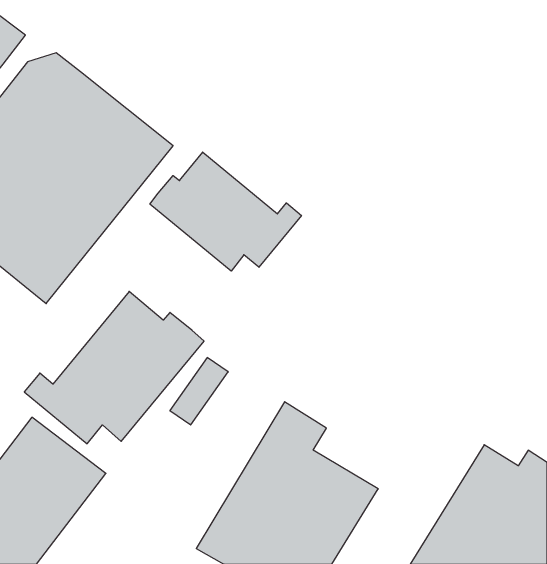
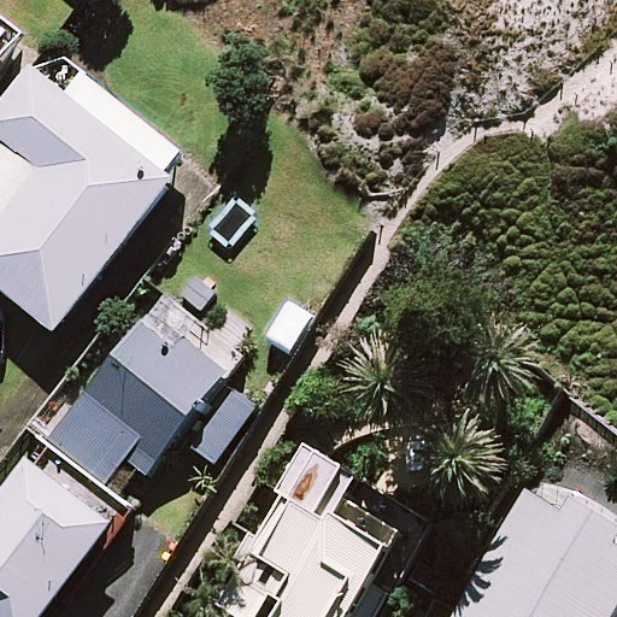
building: [150,152,301,271] -> none

